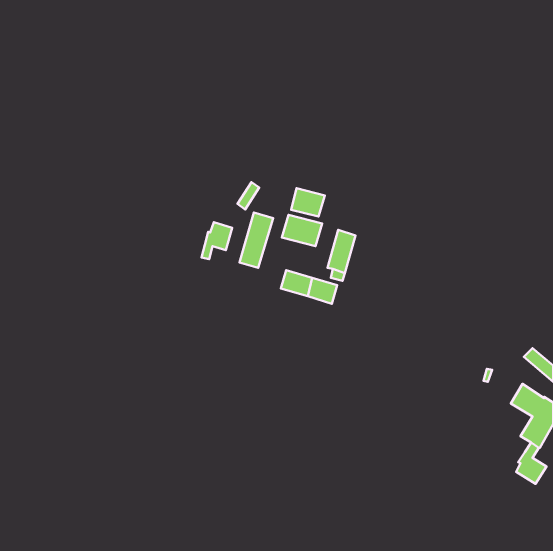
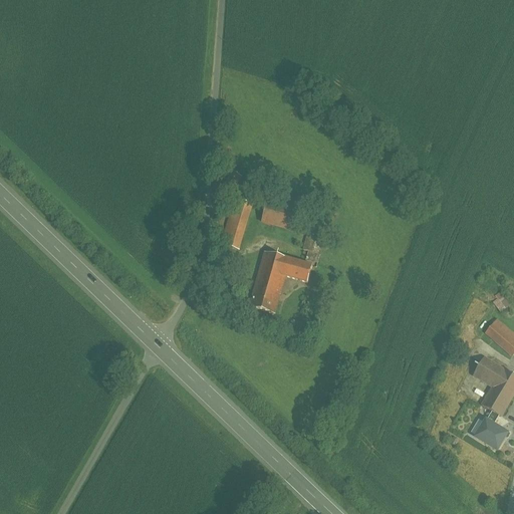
building: [291,188,325,217] -> none
building: [202,222,232,259] -> none
building: none -> [249,267,285,312]

